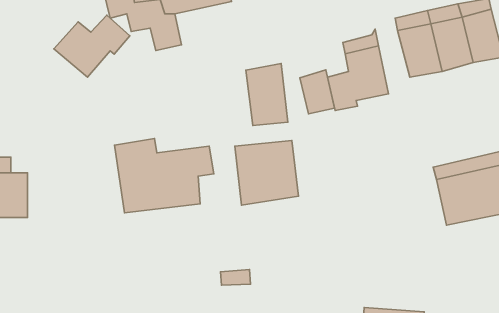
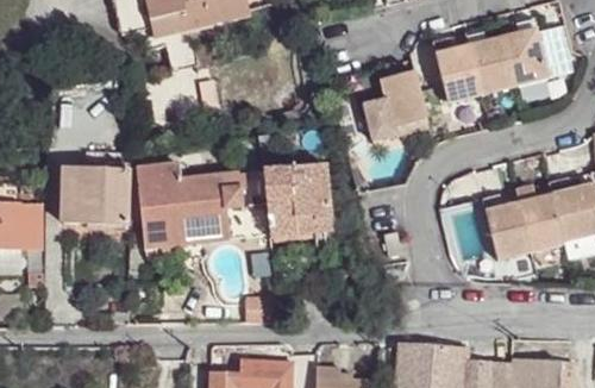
building: [54,15,130,77] -> none
building: [246,64,288,126] -> none
building: [300,70,335,114] -> none
building: none -> [65,168,129,220]

